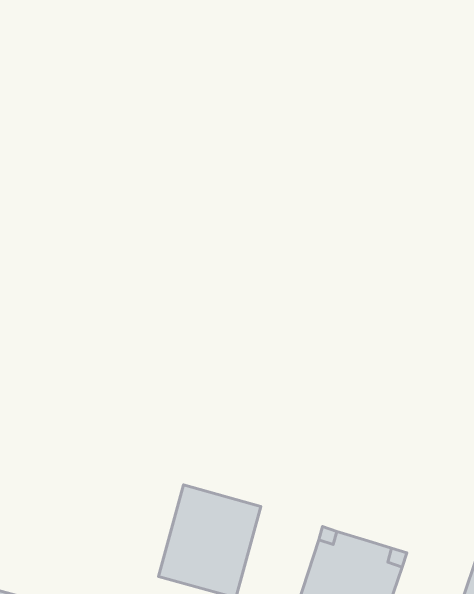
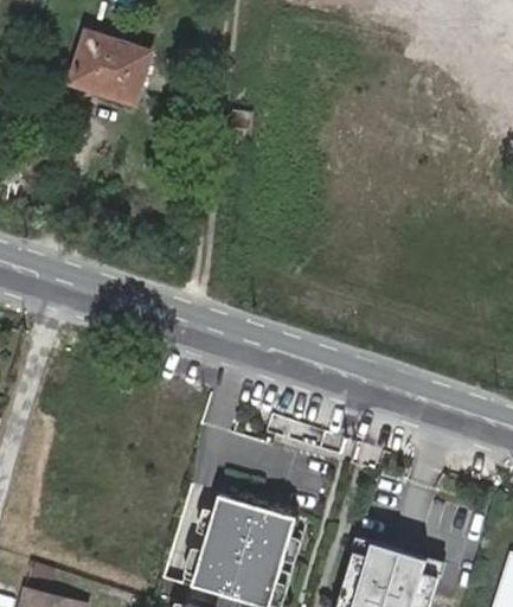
building: none -> [69,36,146,107]

